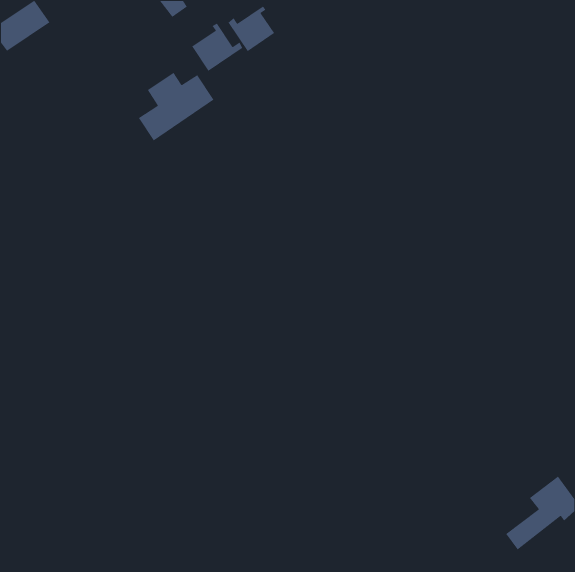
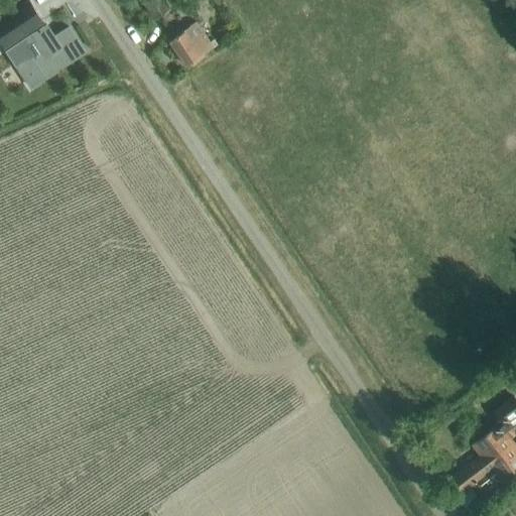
building: [227,5,275,52] -> none
building: [138,72,214,141] -> [16,26,85,89]

